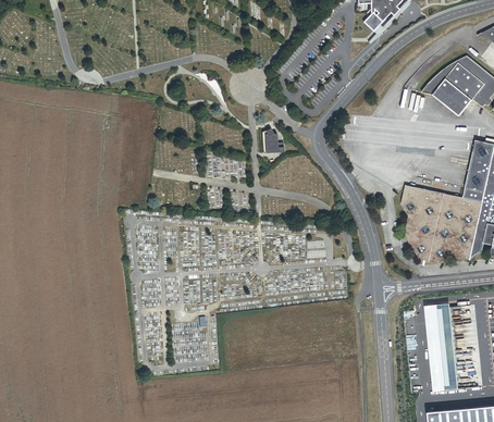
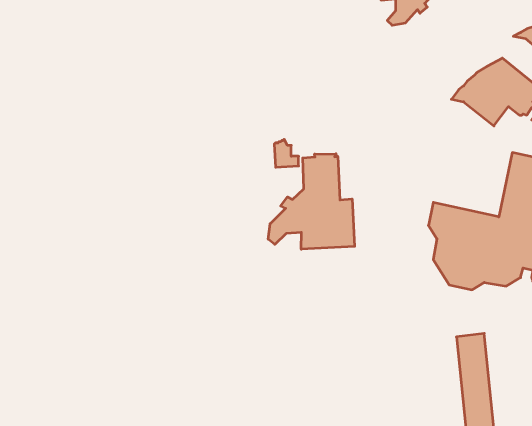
building: none -> [268,154,355,249]

